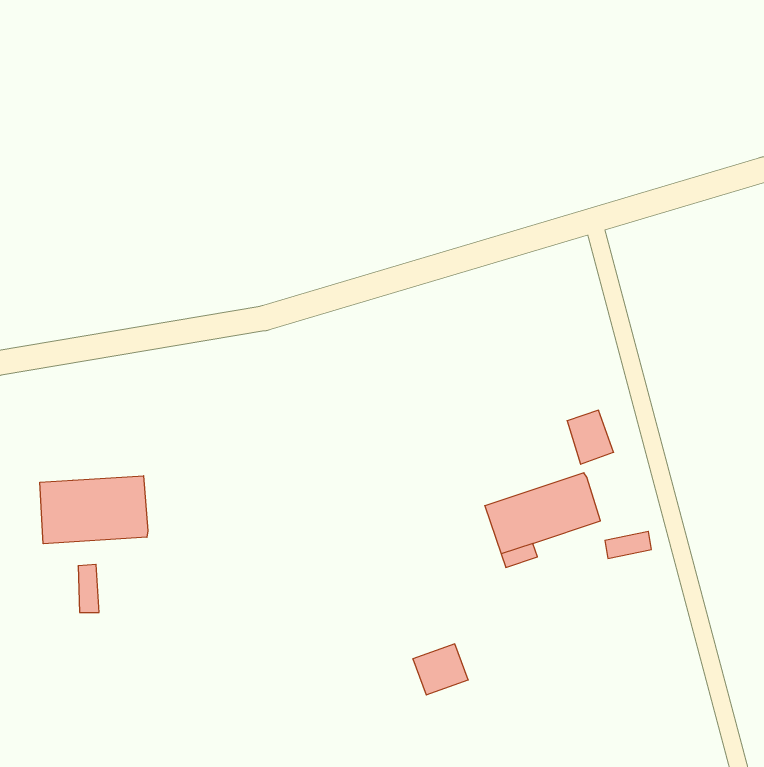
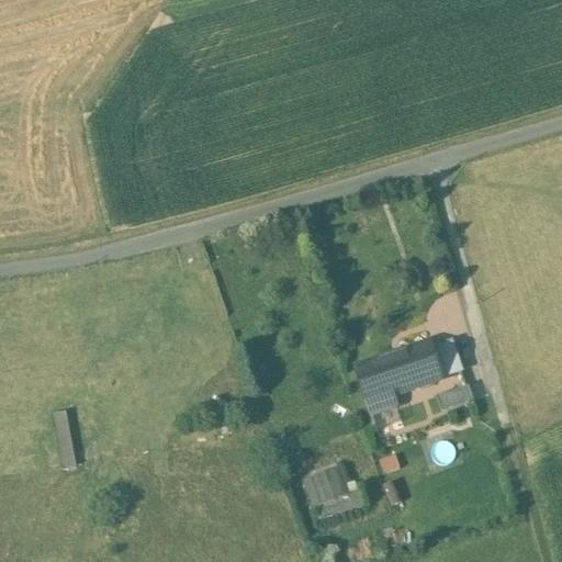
building: [567,410,614,464] -> [429,341,463,381]
building: [40,476,148,544] -> none

